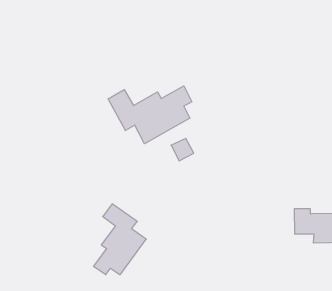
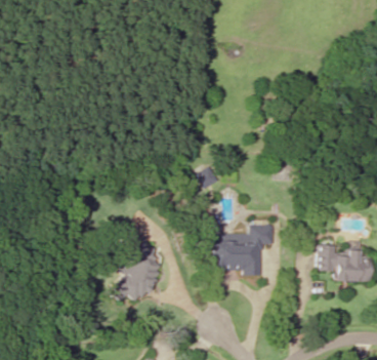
building: [108,86,192,144] -> none
building: none -> [213,225,274,275]

